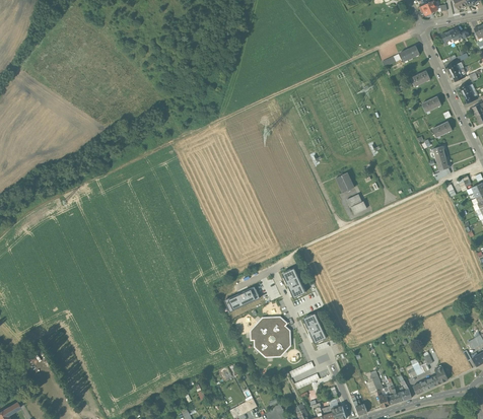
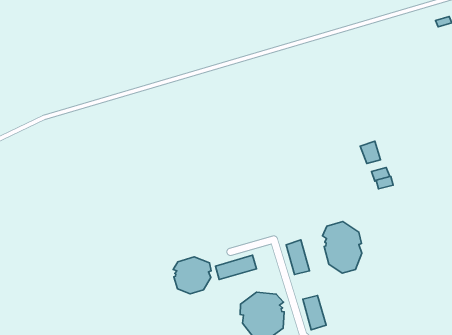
building: none -> [323,221,362,273]
building: none -> [173,257,211,294]

